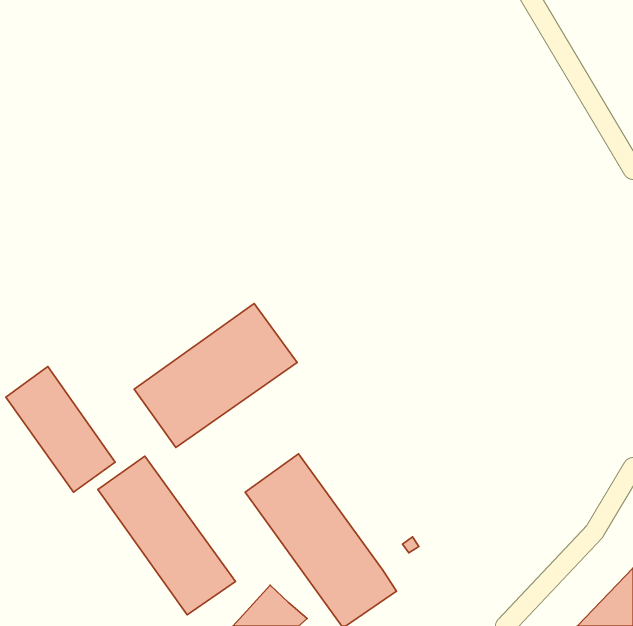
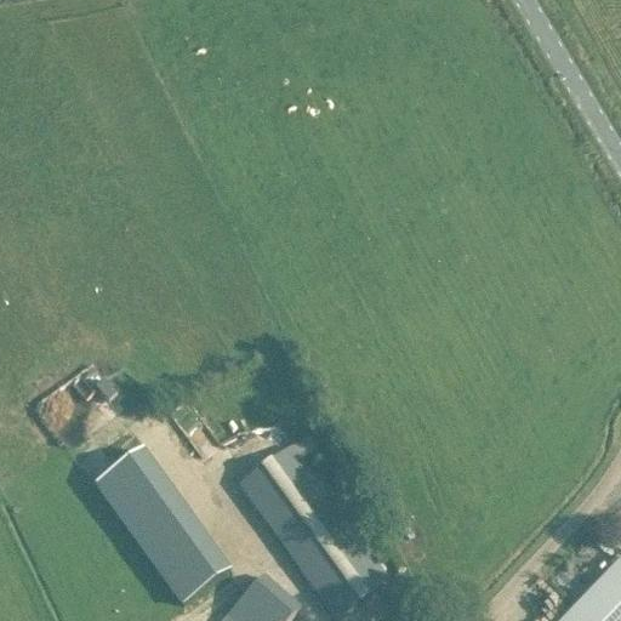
building: [134,304,297,447] -> none
building: [6,366,115,492] -> none

